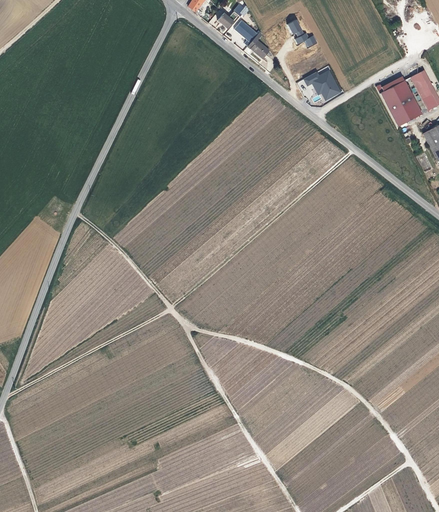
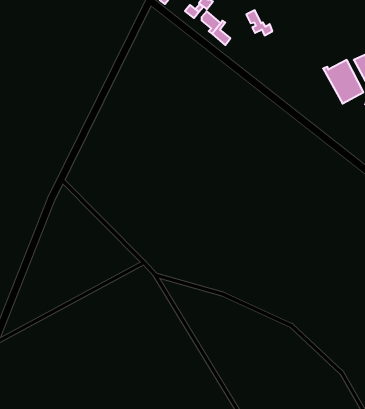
building: [296,66,341,102] -> none

